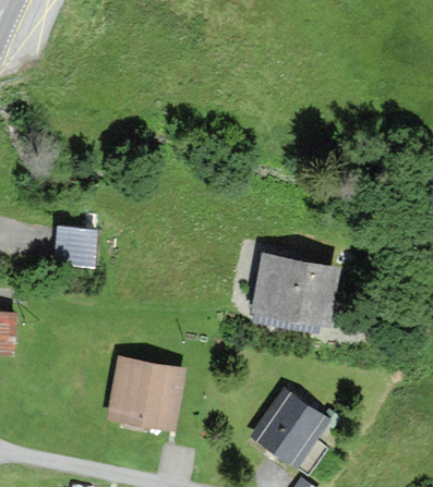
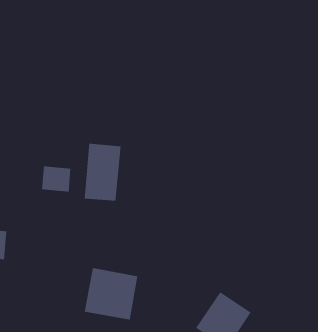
building: none -> [84,143,121,202]
building: [255,258,337,326] -> none

